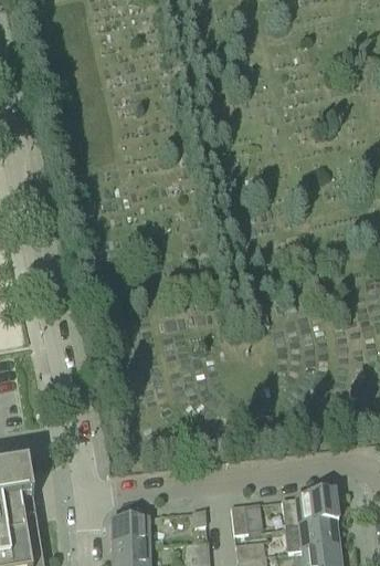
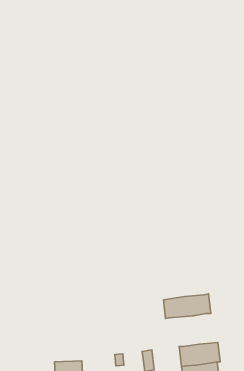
building: none -> [163,294,211,319]

